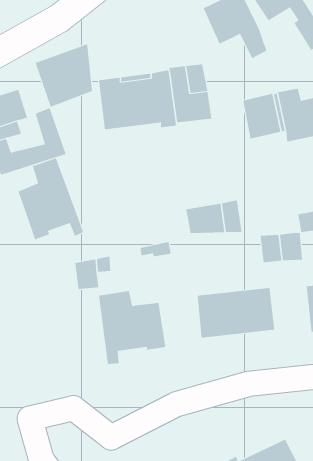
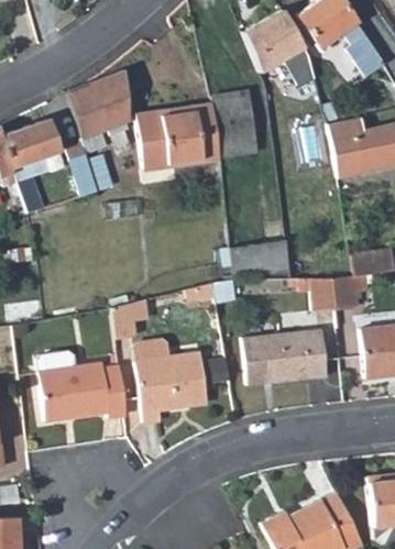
building: [18,158,84,240] -> none
building: none -> [37,356,123,425]

